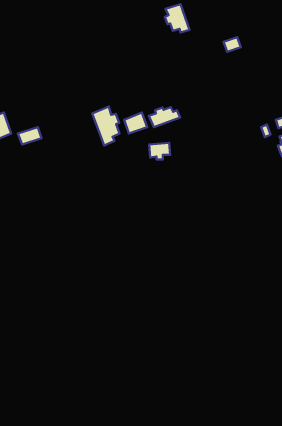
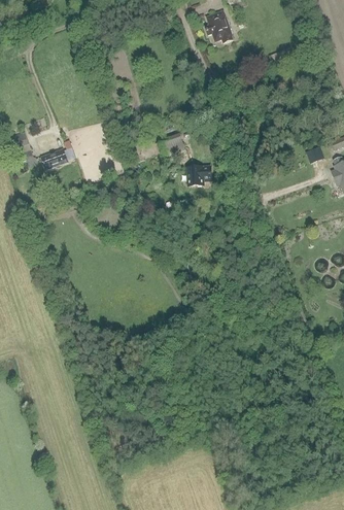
building: [92,106,119,145] -> none
building: [149,107,180,127] -> none

